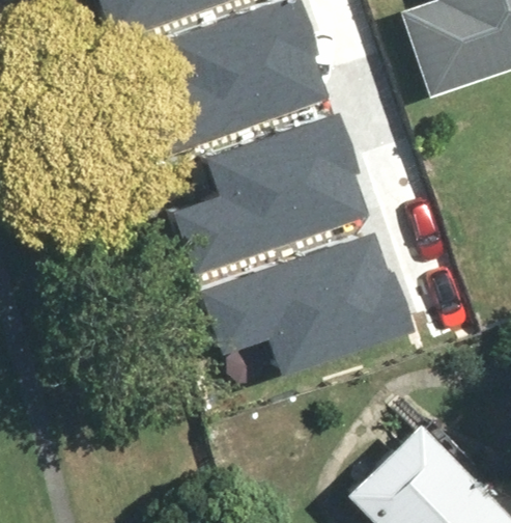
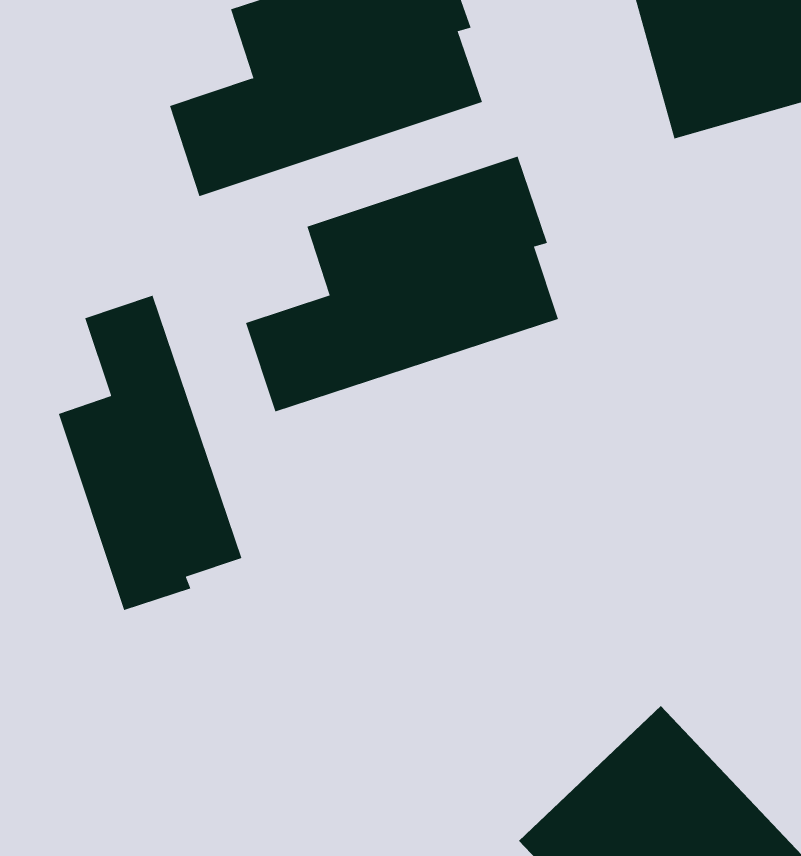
building: none -> [58,295,242,611]
building: [215,236,407,363] -> none

